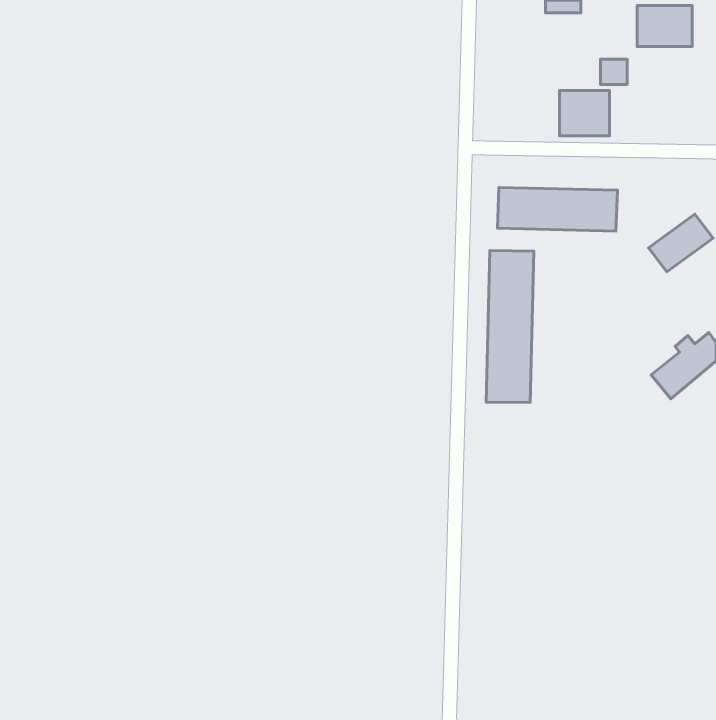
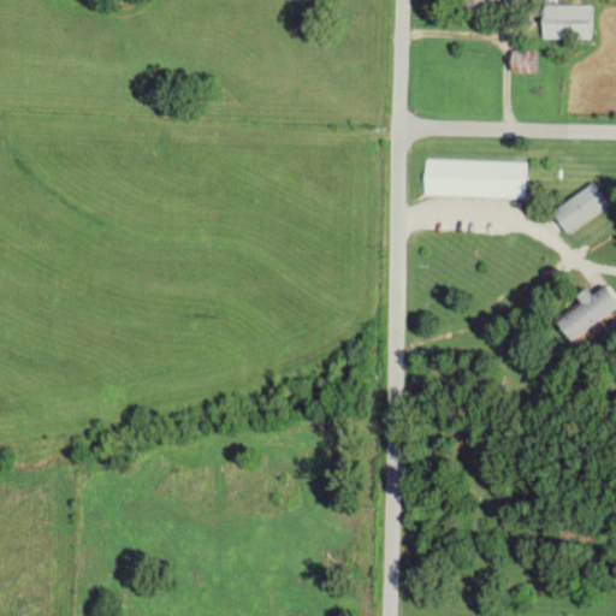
building: [559,90,610,136] -> none
building: [486,251,534,403] -> none

